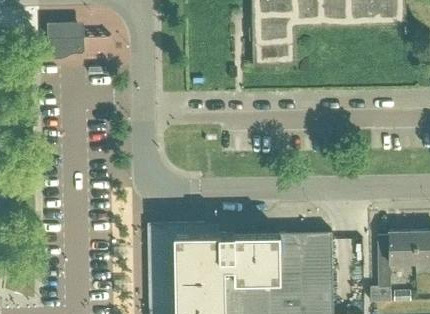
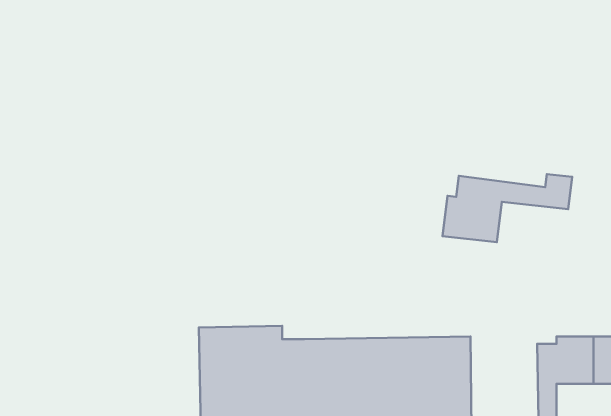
building: [48,23,85,59] -> none
building: none -> [443,174,572,242]

